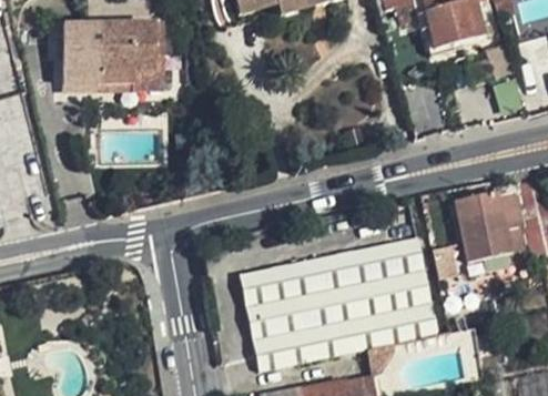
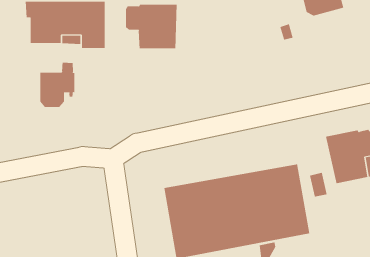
building: none -> [125,4,177,49]
building: none -> [40,62,75,108]

